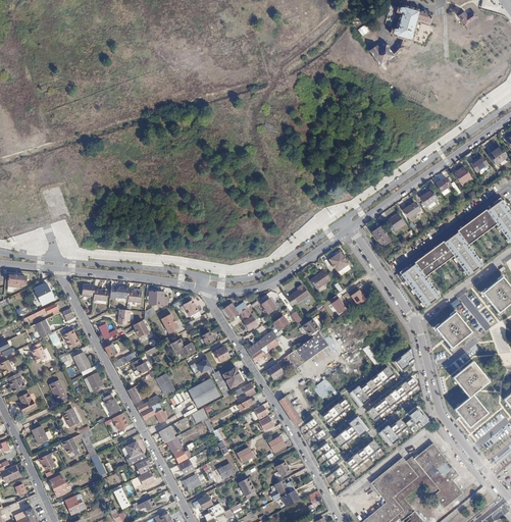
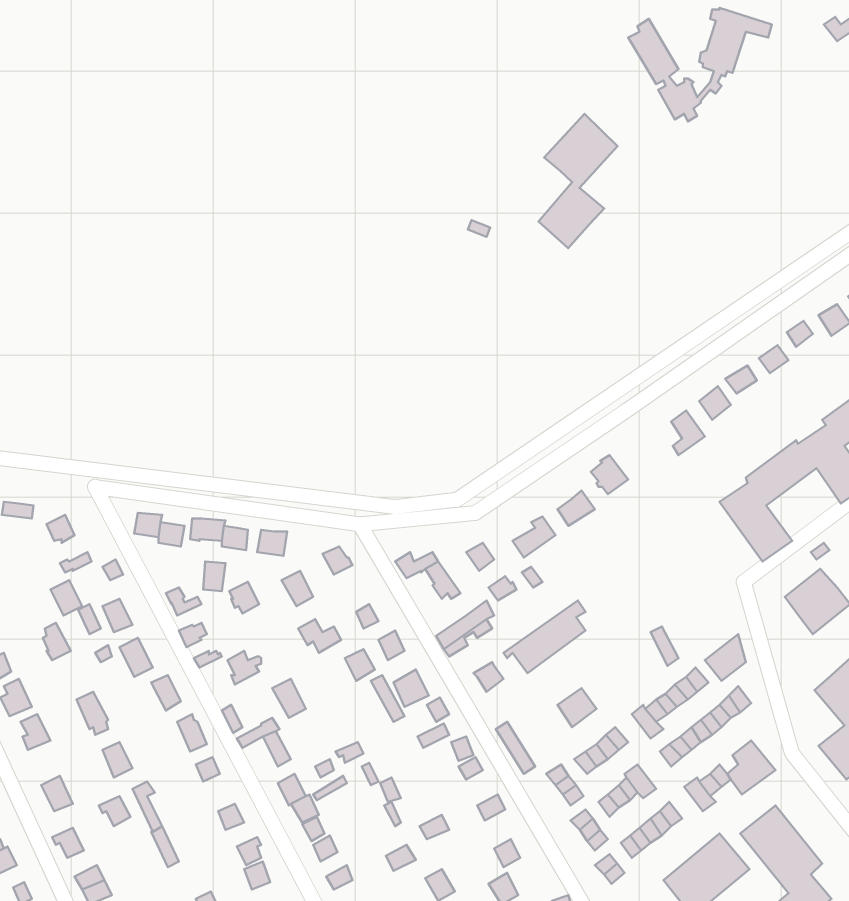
building: none -> [539,114,617,248]
building: [187,378,218,407] -> none

